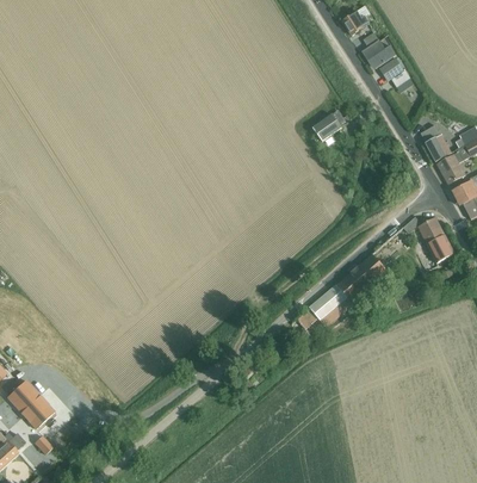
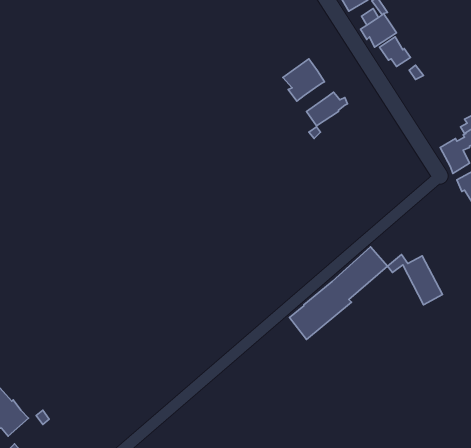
building: none -> [283,59,325,101]
building: [421,123,451,160] -> none
building: [403,215,454,261] -> [387,254,443,305]

